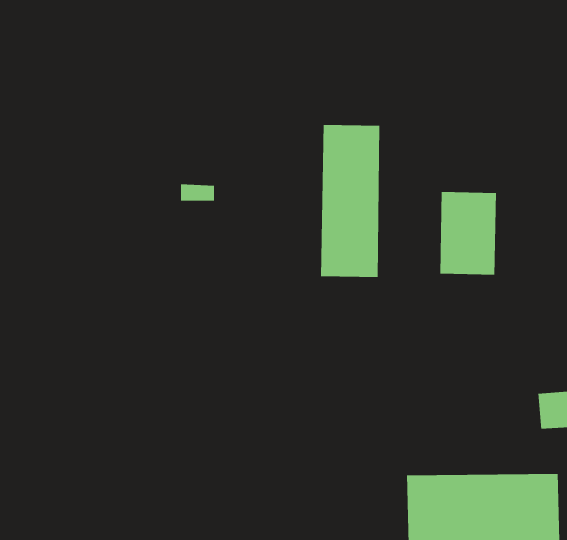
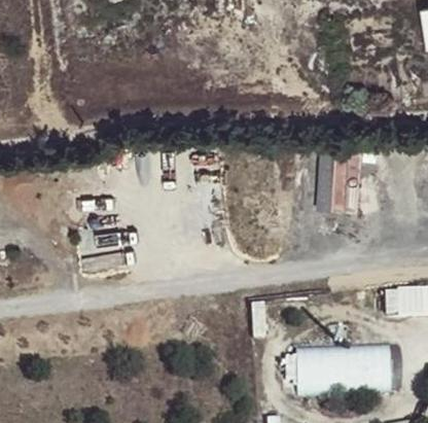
building: [320,124,380,278] -> none

